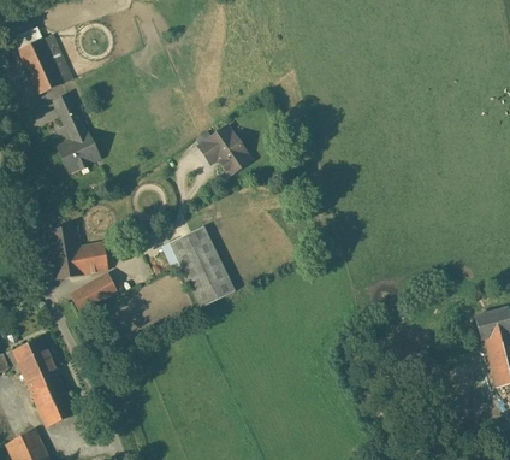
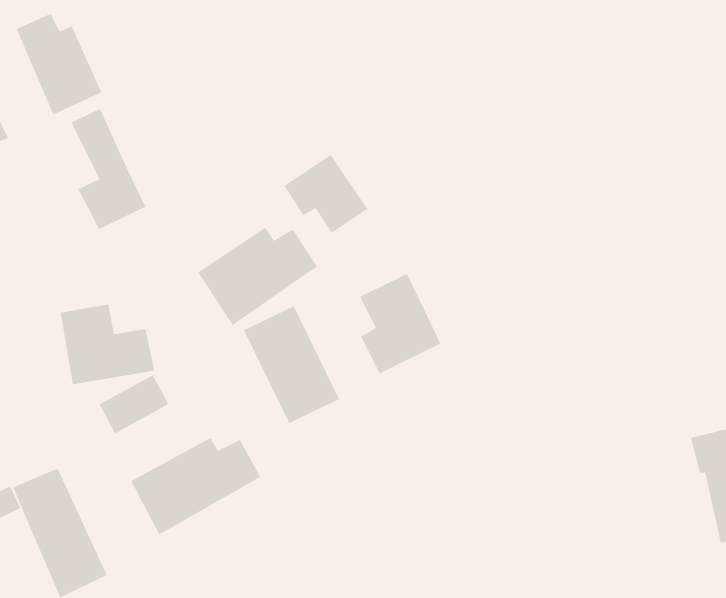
building: none -> [198,227,318,326]
building: none -> [359,273,441,374]
building: none -> [131,437,261,535]

